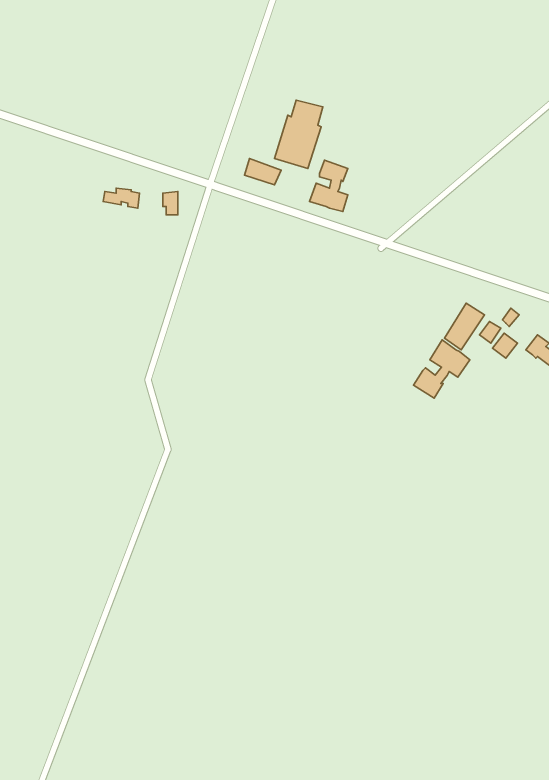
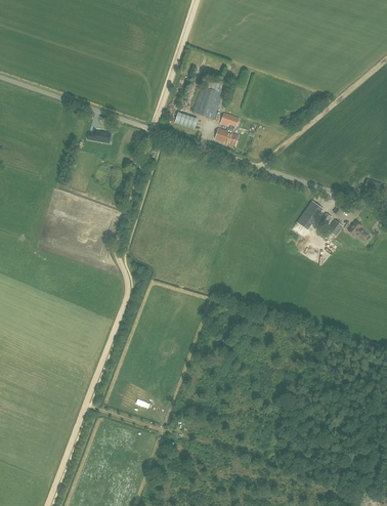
building: [414,340,470,398] -> none

